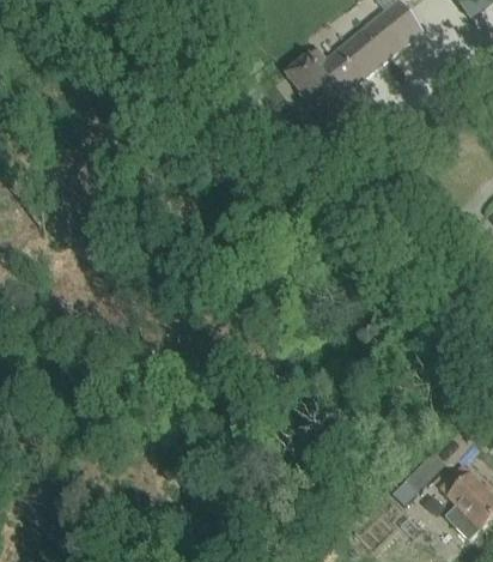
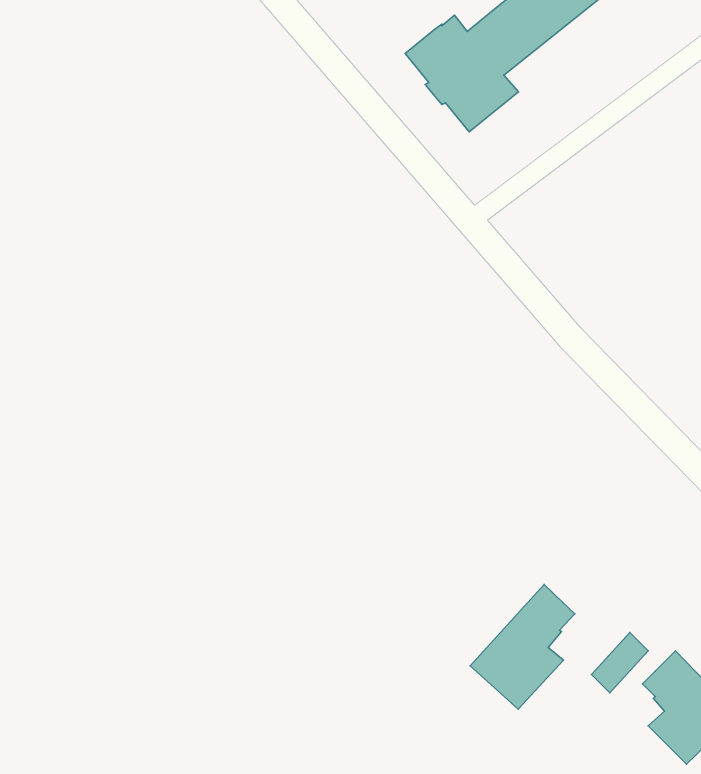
building: none -> [470,585,575,709]

